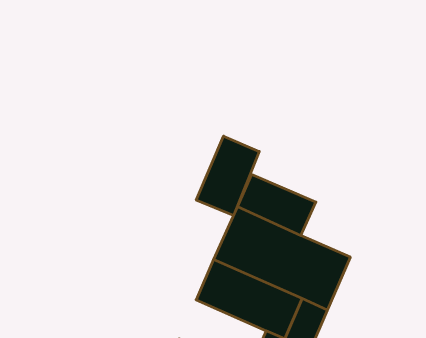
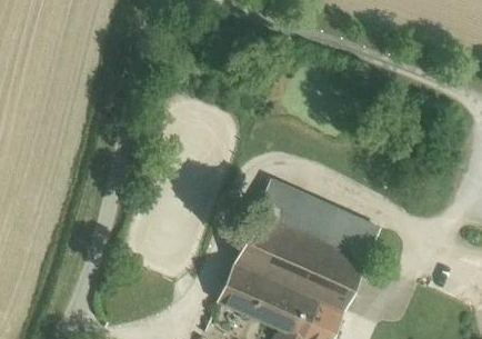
building: [196,136,259,215] -> none
building: none -> [319,207,380,260]

